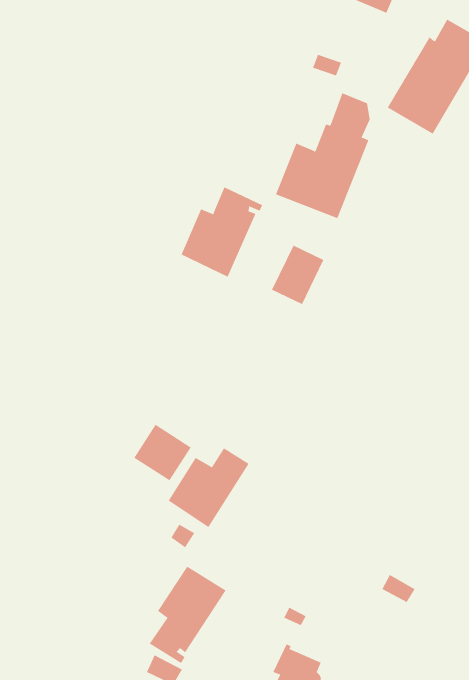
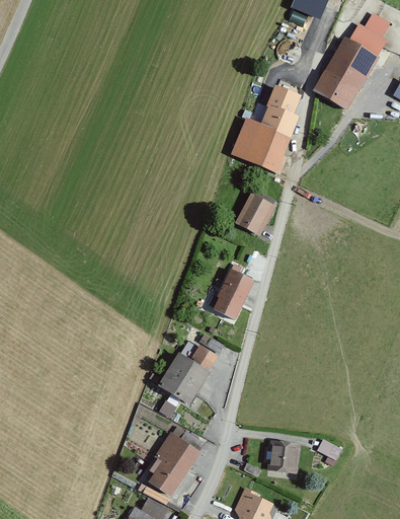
building: [181,186,263,277] -> none
building: none -> [212,268,253,318]
building: [133,424,191,481] -> none
building: none -> [267,438,299,471]

